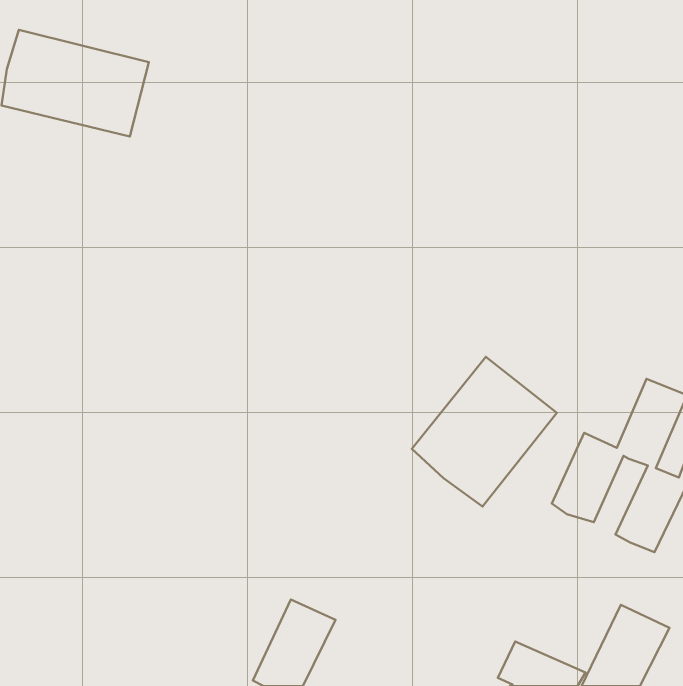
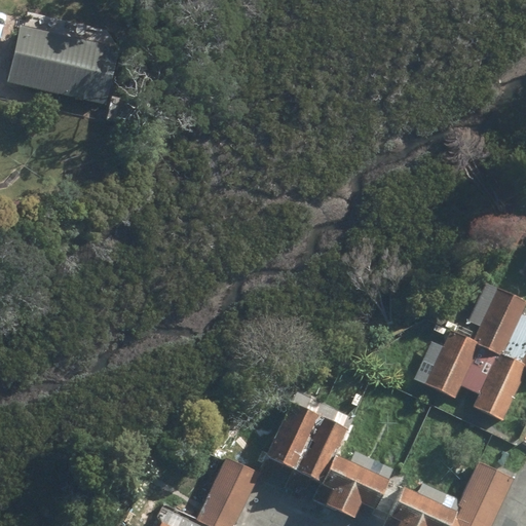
building: [412,357,557,507] -> none
building: none -> [263,402,382,517]

